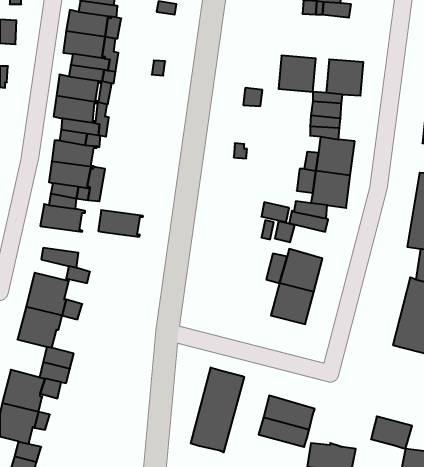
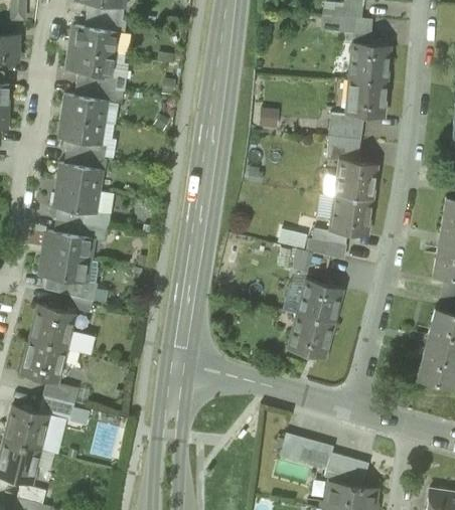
building: [279,56,316,92] -> [350,42,390,80]
building: [98,210,143,237] -> [42,253,90,282]
building: [191,367,244,452] -> none
building: [371,416,412,449] -> [327,453,370,487]

